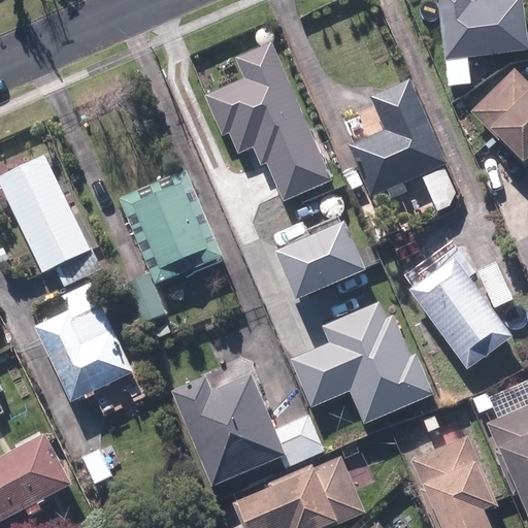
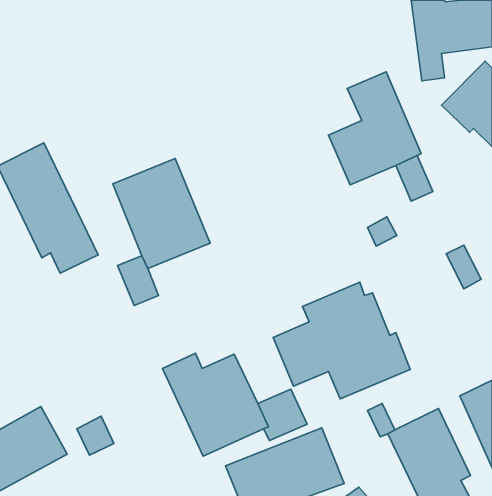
building: [203,41,334,203] -> none
building: [275,213,374,301] -> none
building: [407,257,513,370] -> none
building: [34,283,135,402] -> none

